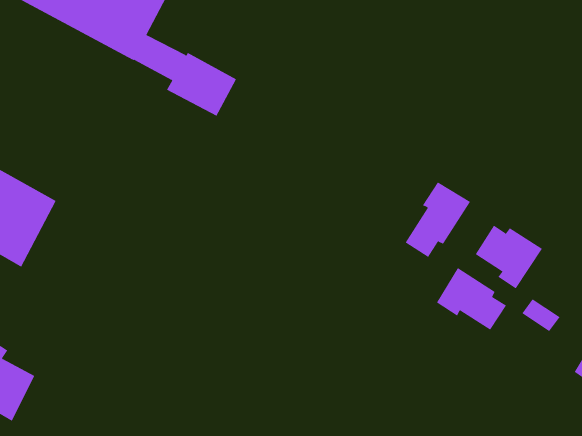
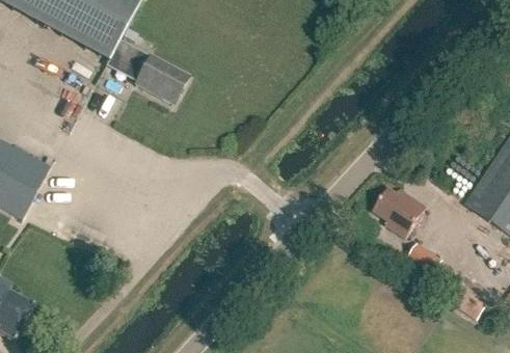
building: [405,181,471,258] -> none
building: [436,267,507,331] -> none

